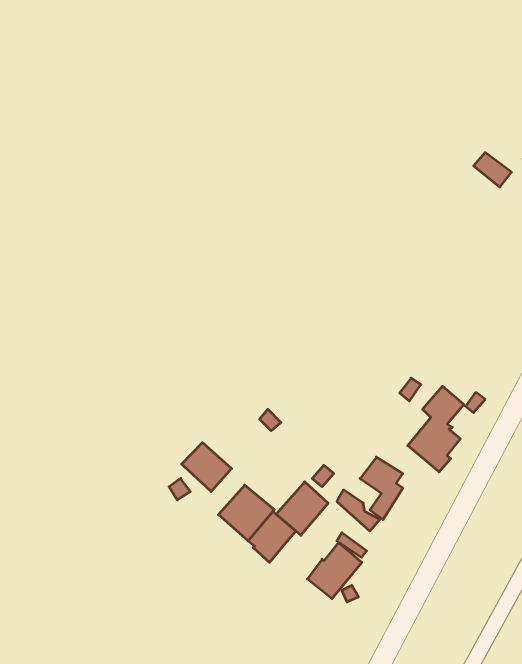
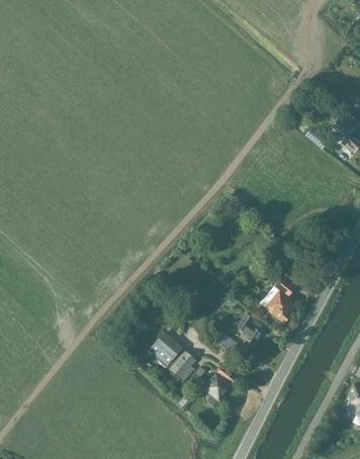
building: [182,443,232,492] -> none
building: [276,482,328,535] -> none

